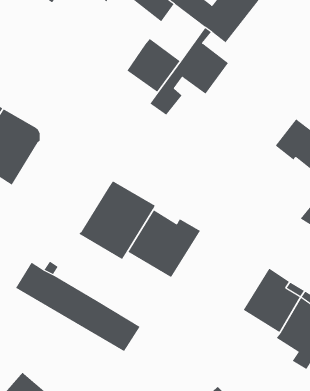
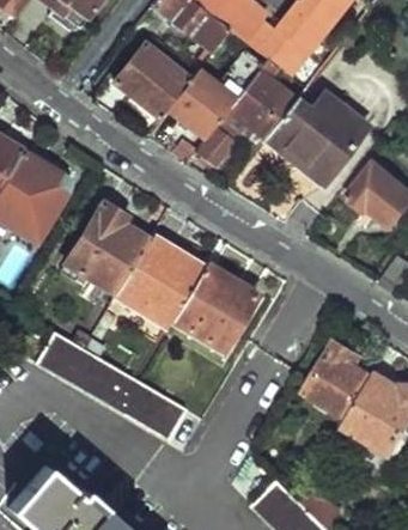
building: none -> [115,39,191,114]
building: none -> [264,80,365,179]
building: none -> [63,205,148,298]

